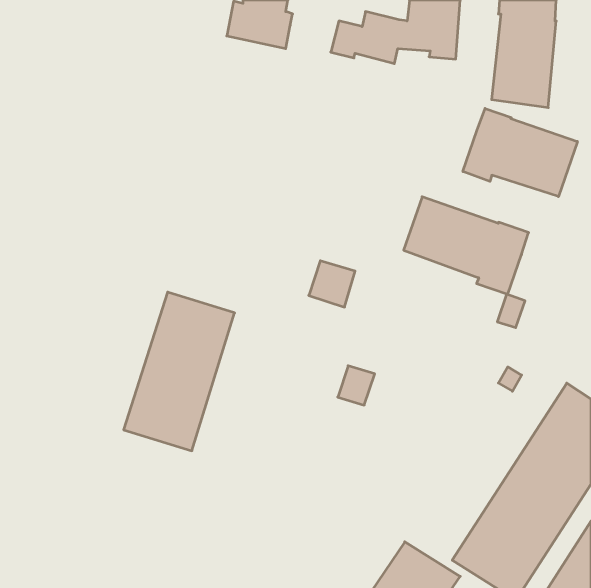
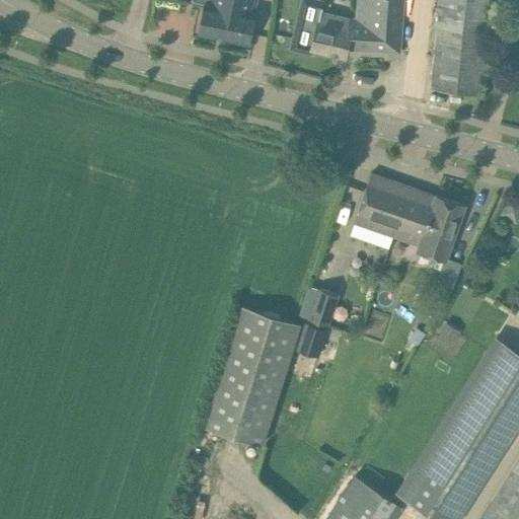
building: [463,108,577,197] -> none
building: [309,261,355,307] -> [298,287,339,327]
building: [124,292,235,451] -> [205,307,302,446]

